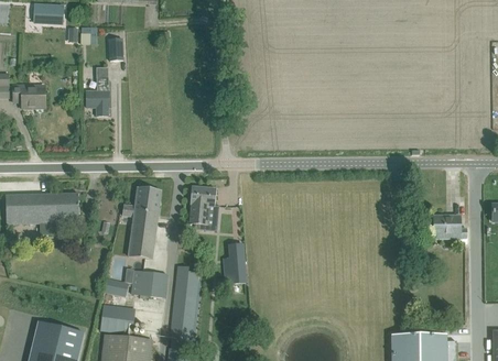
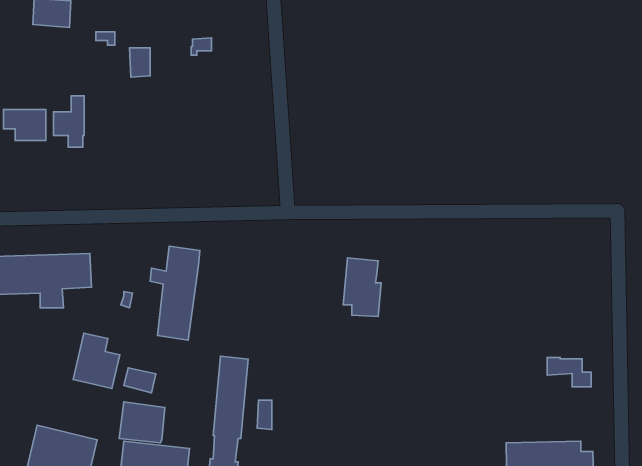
building: [86,77,109,116] -> [53,96,84,147]
building: [190,186,218,230] -> [343,258,381,317]
building: [434,216,467,238] -> [547,357,591,387]
building: none -> [73,333,120,388]
building: [223,256,247,285] -> none
building: [131,270,167,297] -> none

